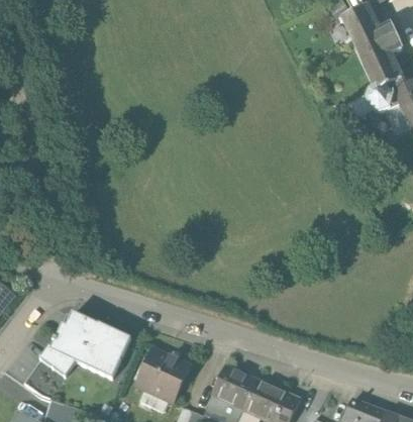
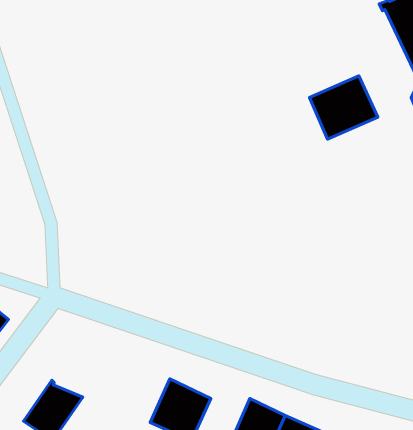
building: none -> [309,76,378,139]
building: [50,313,131,379] -> none

